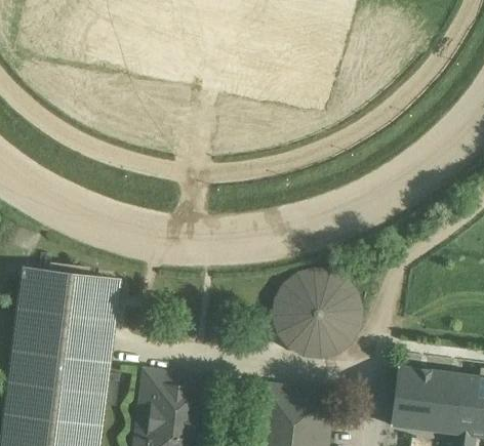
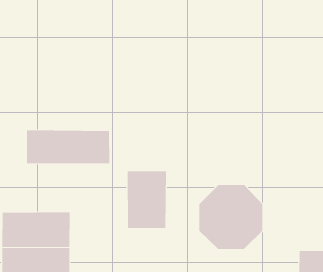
building: none -> [26,129,110,164]
building: none -> [127,170,167,229]

